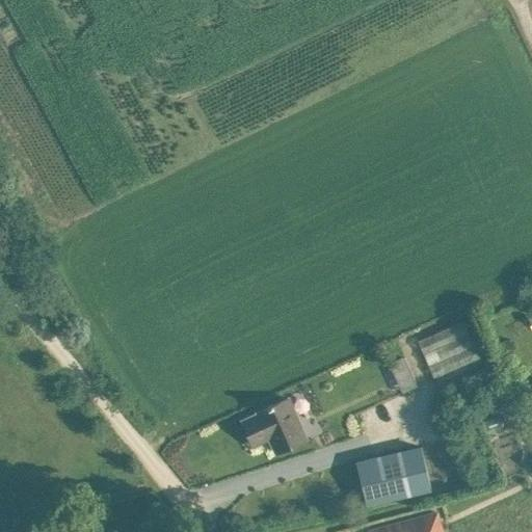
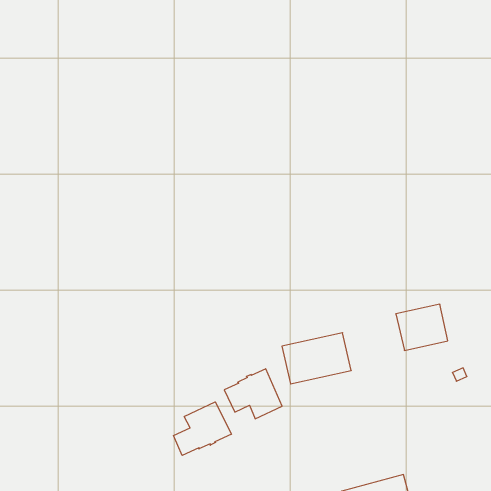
building: none -> [173,402,231,455]
building: [355,449,430,504] -> [282,333,351,384]

